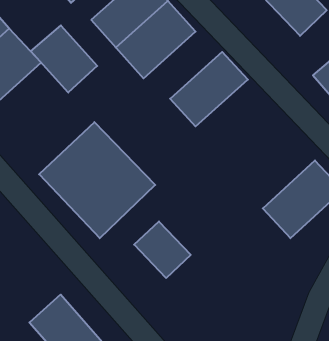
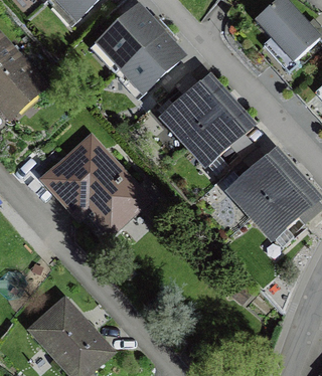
building: [31,25,97,93] -> none
building: none -> [190,98,266,170]
building: none -> [229,148,303,219]
building: [134,221,191,278] -> none

